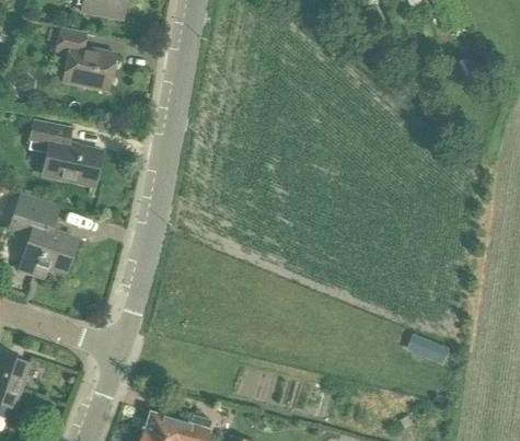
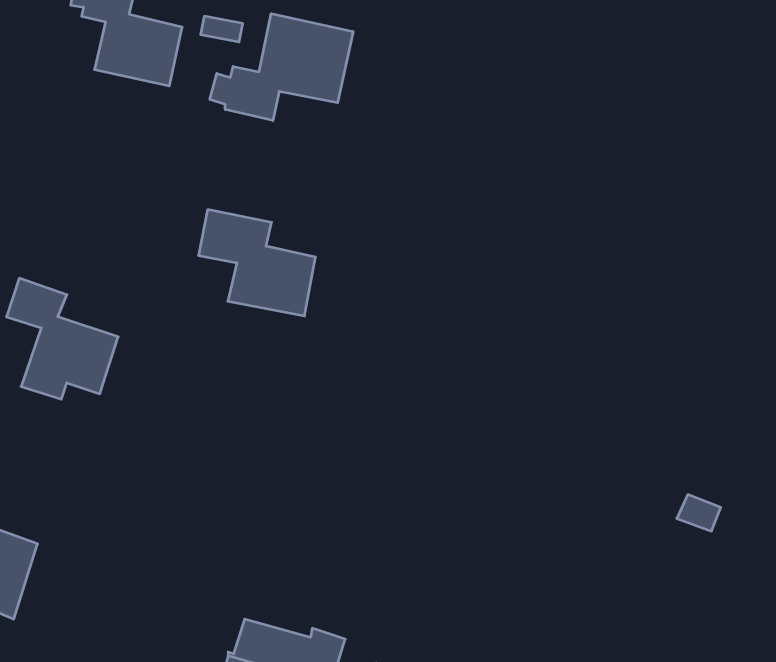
building: none -> [210,14,353,121]
building: [27,123,97,186] -> [198,210,316,316]

